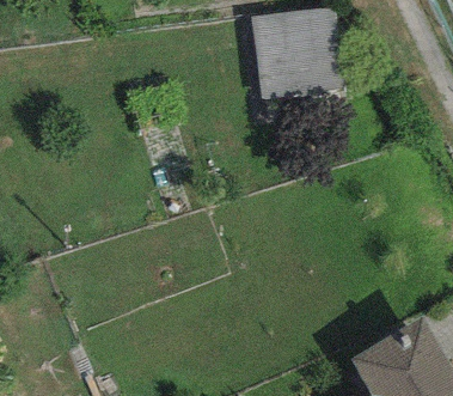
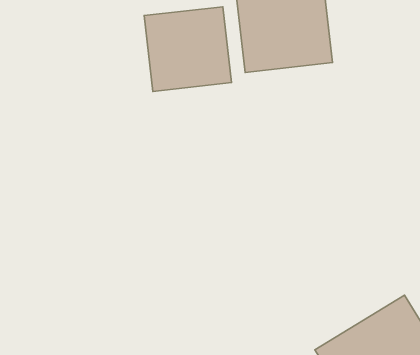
building: none -> [144,7,231,92]

